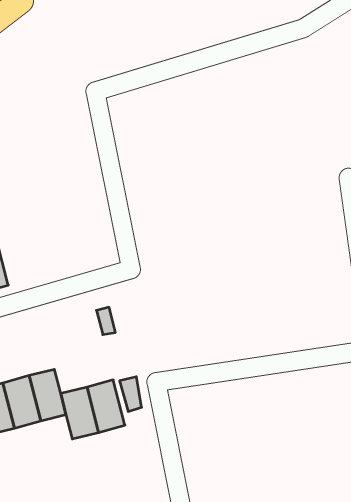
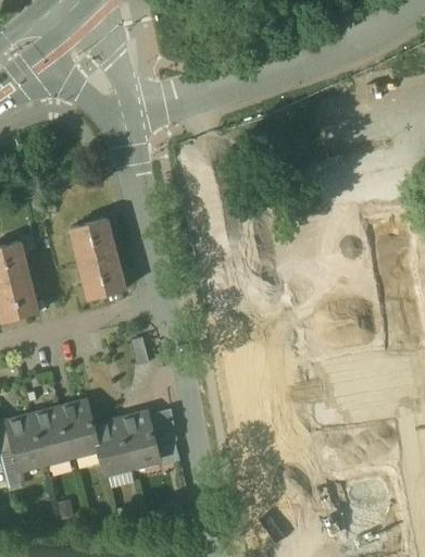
building: none -> [72,221,126,302]

